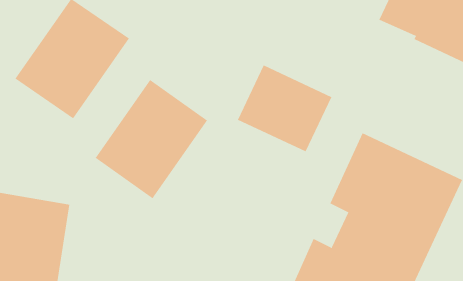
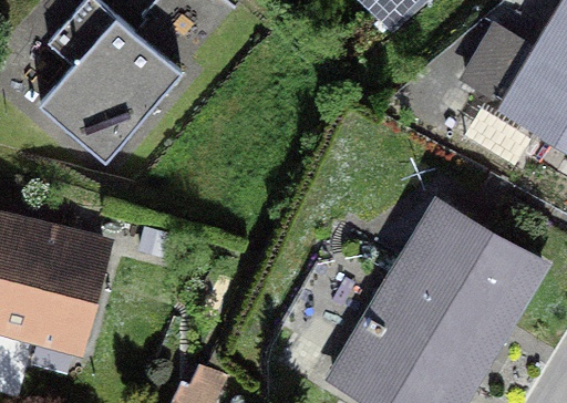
building: [237,65,332,152] -> none
building: [95,79,208,199] -> none

